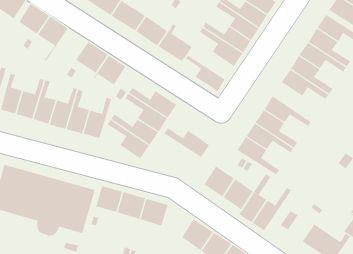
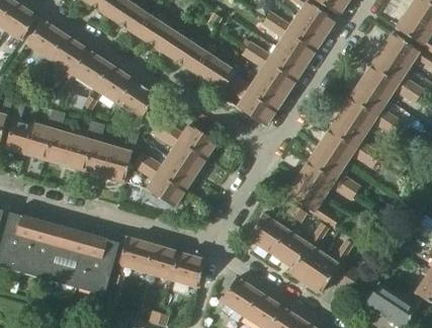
building: none -> [61,50,110,92]
building: none -> [330,113,381,161]
building: [163,127,210,158] -> [229,74,284,110]

